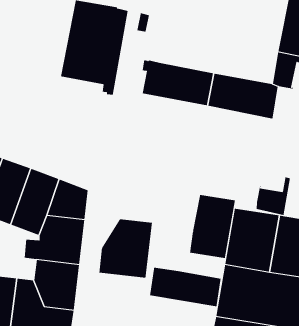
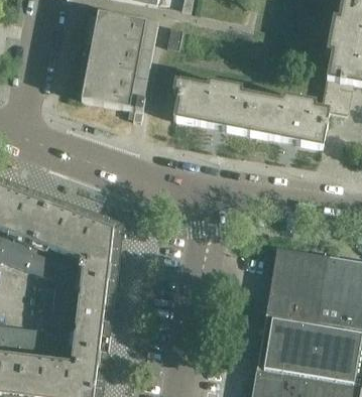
building: [256,176,290,216] -> none
building: [190,194,235,259] -> none
building: [99,218,153,279] -> none
building: [149,267,221,307] -> none

